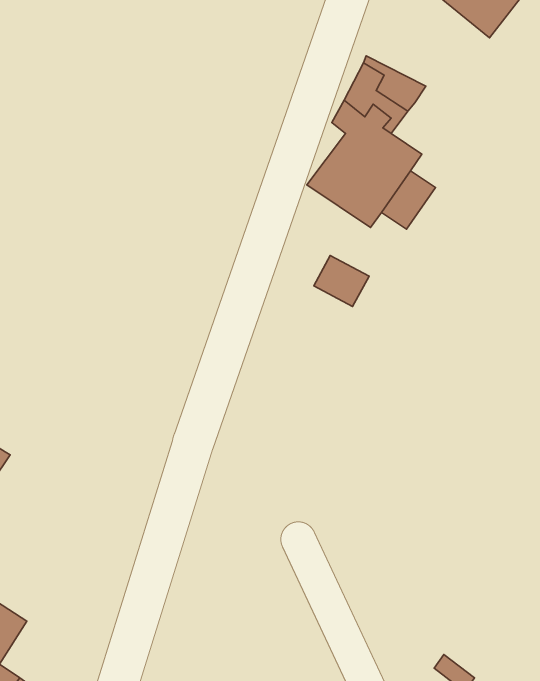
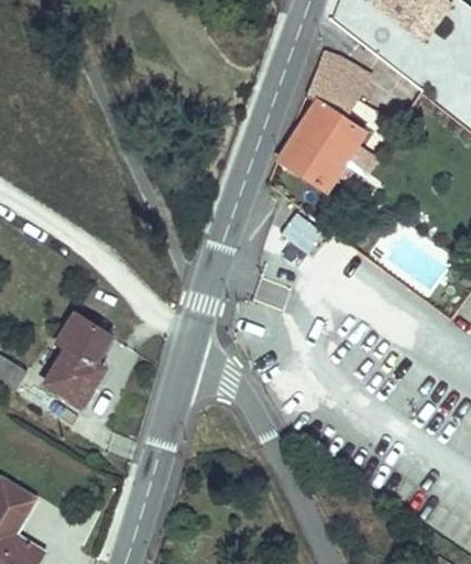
building: none -> [43,317,102,406]

